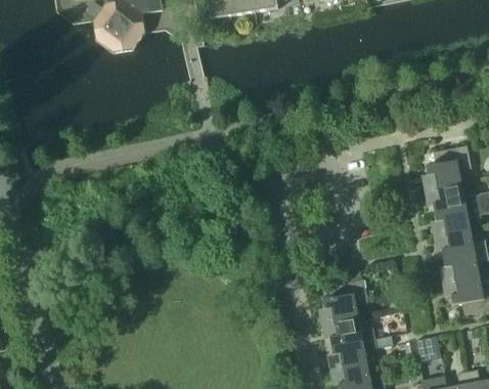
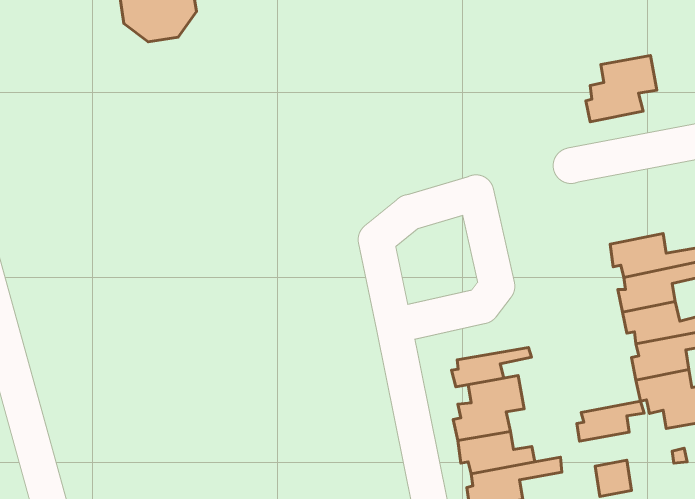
building: [423,144,471,189] -> [586,55,657,122]
building: none -> [451,347,531,387]
building: none -> [577,401,644,441]

